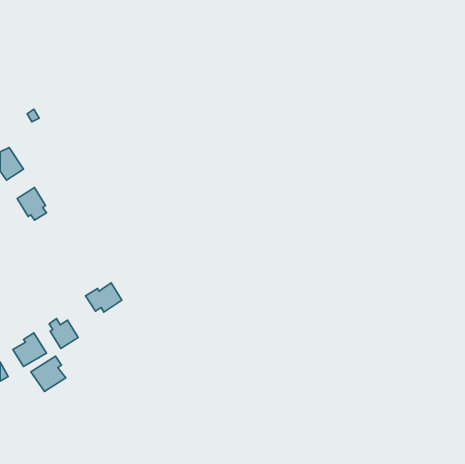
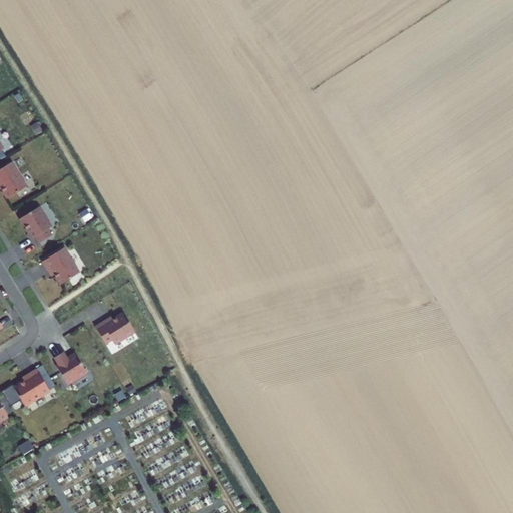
building: none -> [38,249,75,286]
building: [31,356,66,392] -> none

